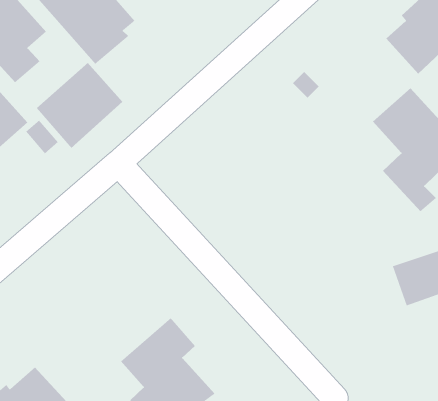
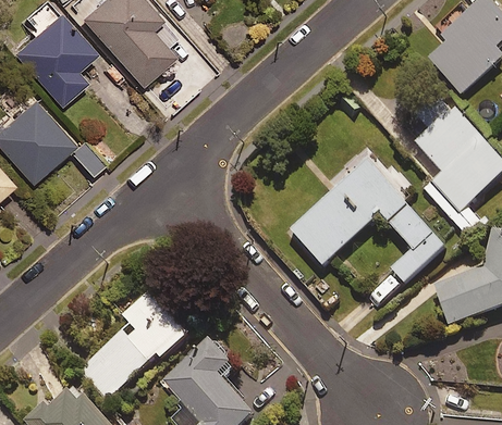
building: [36,62,123,149] -> none
building: none -> [291,161,445,304]
building: none -> [84,288,195,400]

